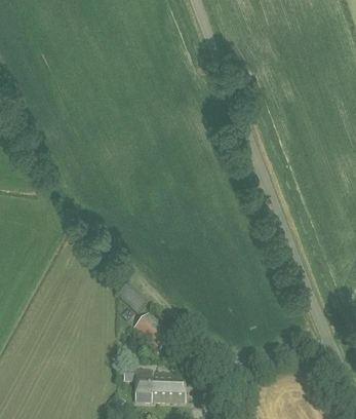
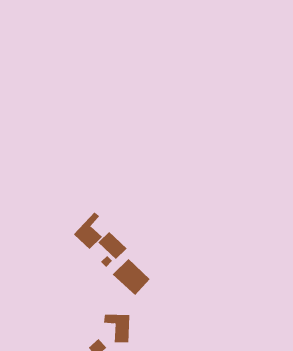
building: none -> [73,211,103,250]
building: [151,373,185,403] -> none

